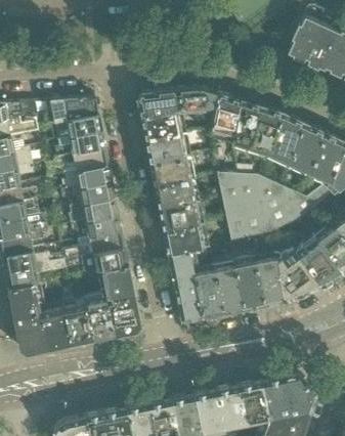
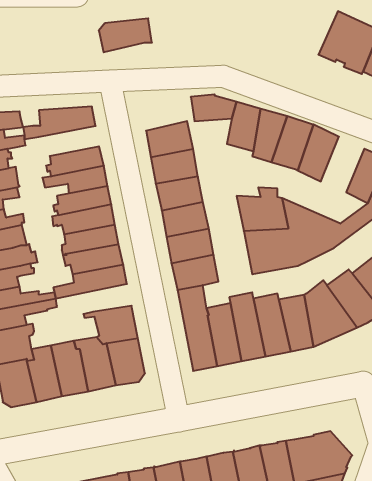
building: [137,91,182,120] -> [99,18,152,52]
building: [50,116,101,141] -> none
building: [290,125,327,172] -> none
building: [64,250,129,275] -> none

